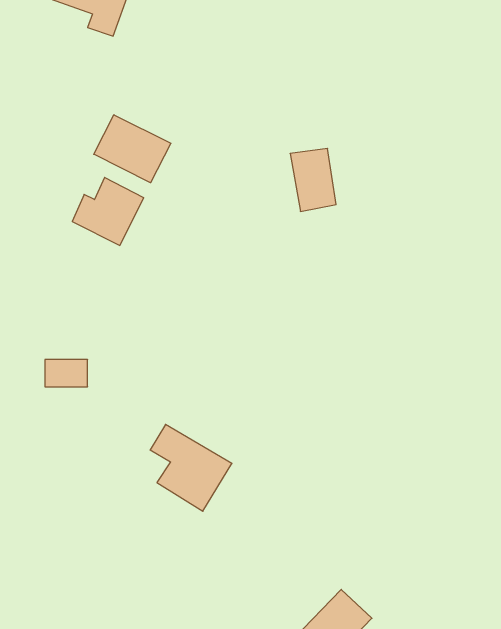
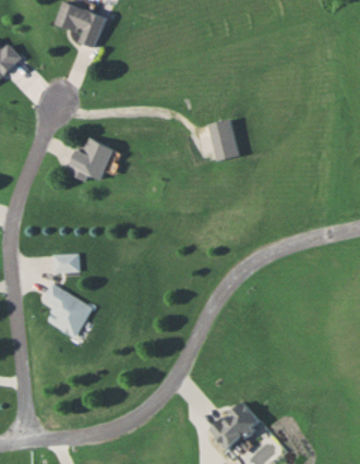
building: [94,115,171,183] -> none
building: [150,424,232,511] -> [41,283,94,339]

